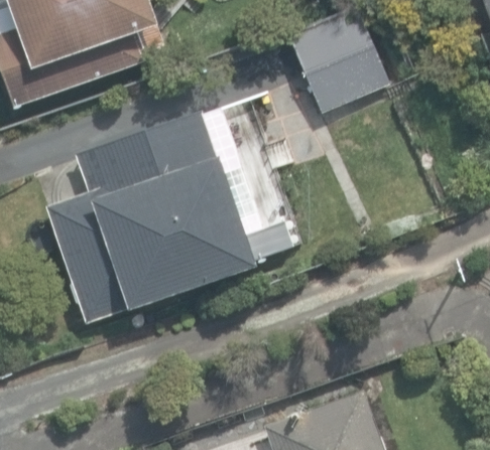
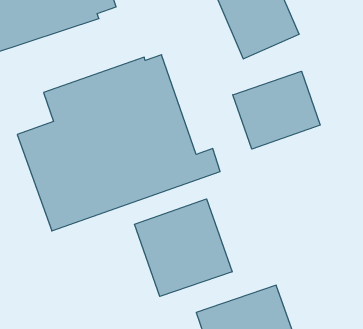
building: none -> [233,71,320,149]
building: none -> [135,199,232,296]

